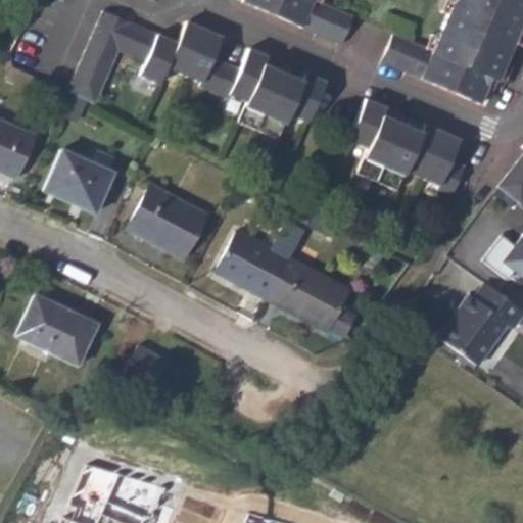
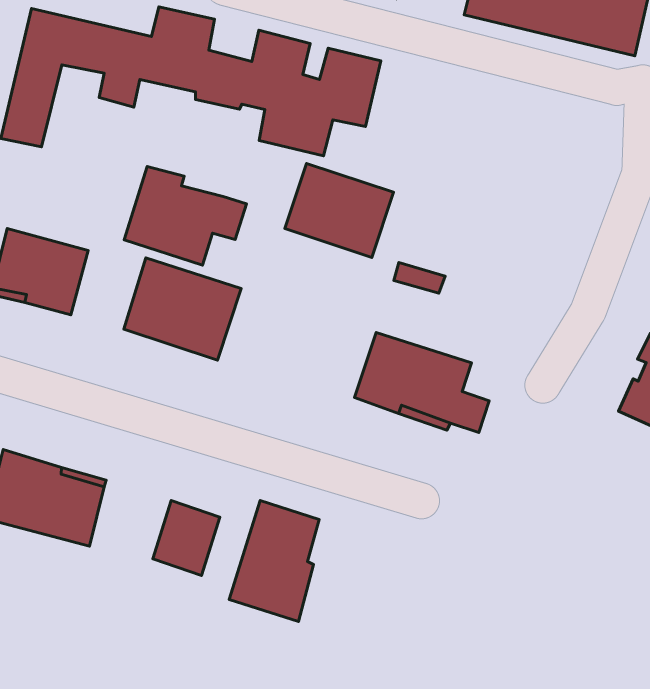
building: [349,102,467,196] -> none
building: none -> [124,166,247,265]
building: [217,230,291,298] -> [285,163,393,257]
building: none -> [229,500,319,621]

